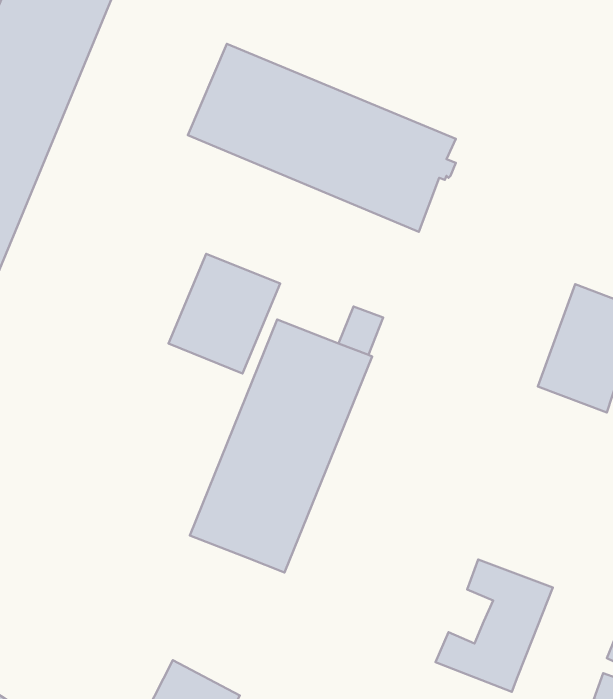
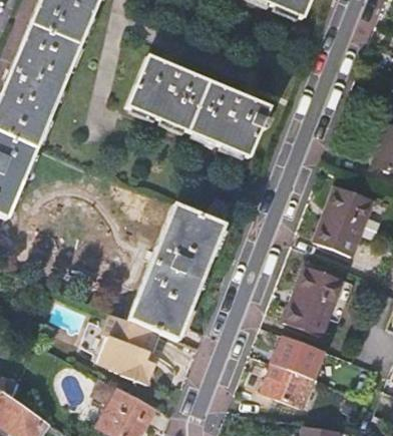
building: [168,254,280,373] -> none
building: none -> [281,265,341,335]
building: none -> [97,316,157,387]

